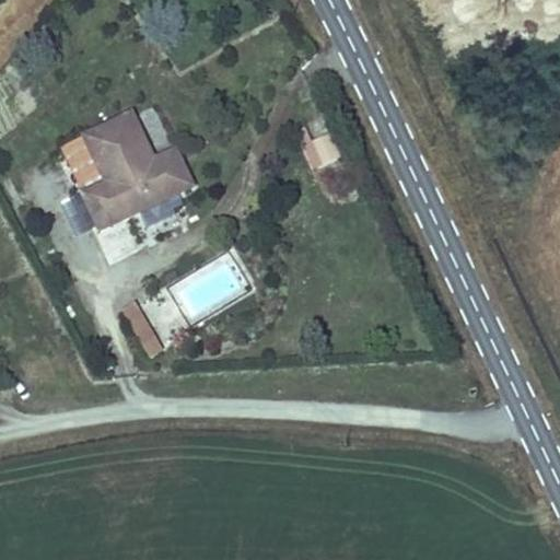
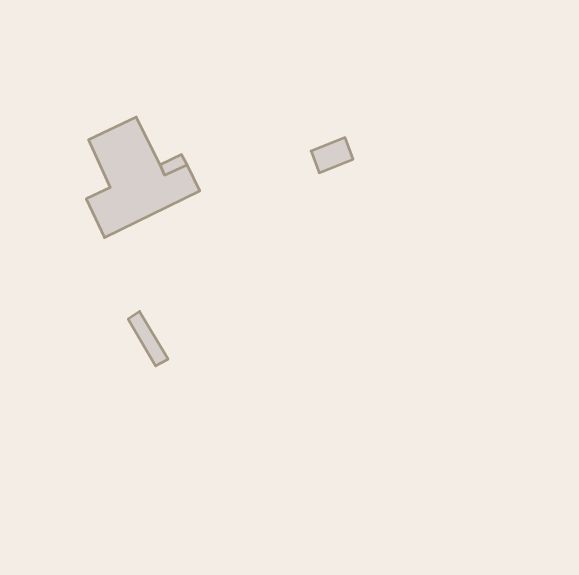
building: [61,135,106,191] -> none

